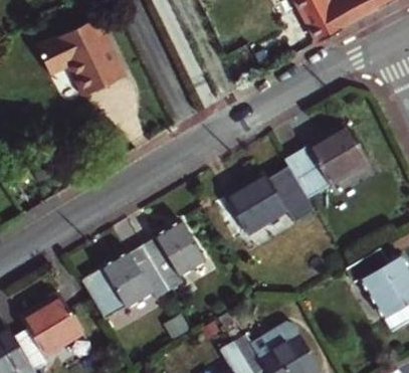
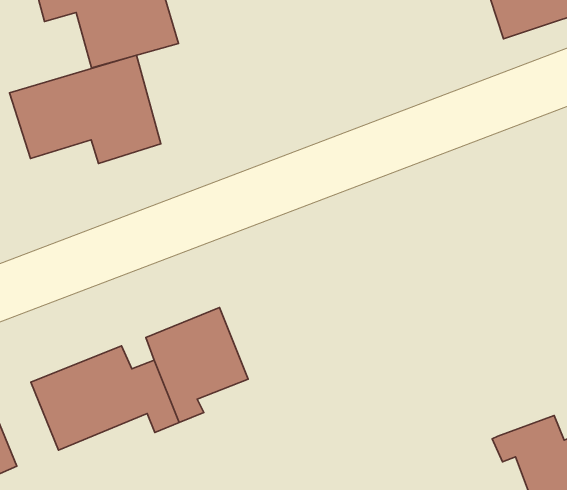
building: none -> [10,55,161,164]
building: [284,124,369,200] -> none
building: [226,174,288,235] -> none

